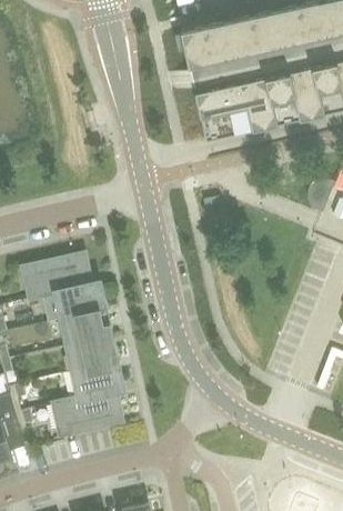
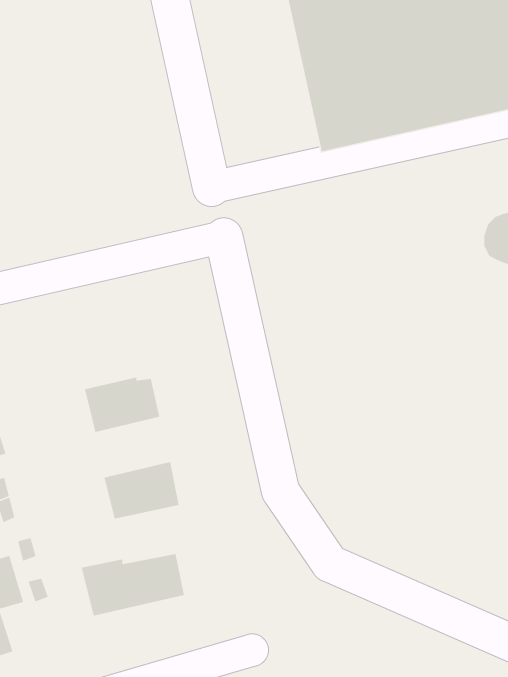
building: [24,253,89,298] -> none
building: [62,305,110,343] -> none
building: [74,361,121,398] -> none

